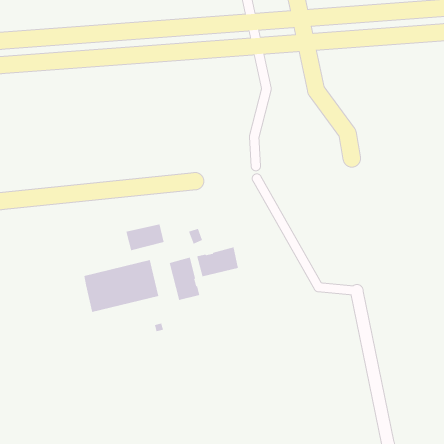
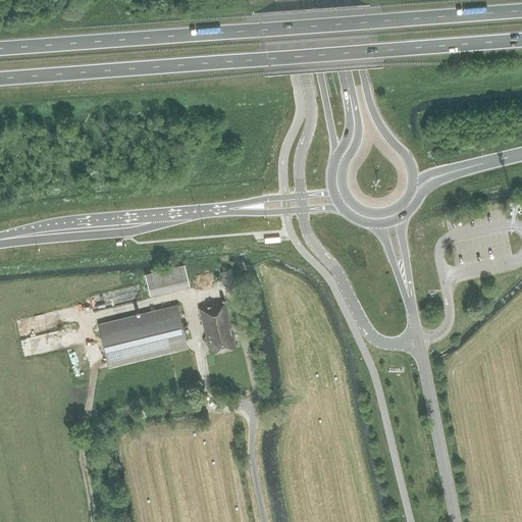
building: [197,247,239,277] -> none

